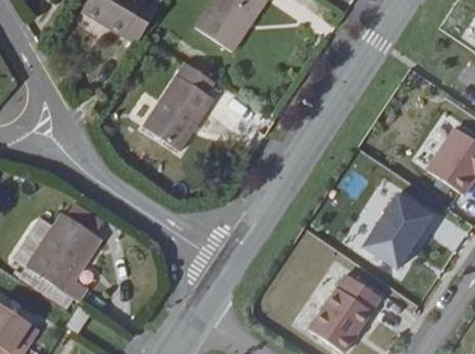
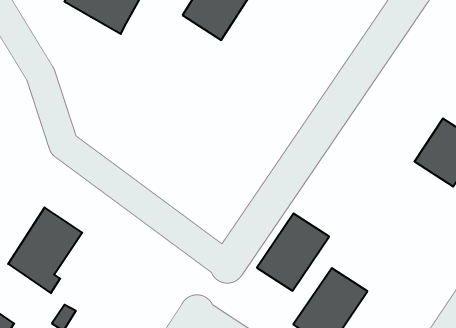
building: [141,59,212,148] -> none
building: [357,191,427,266] -> [257,213,329,291]

